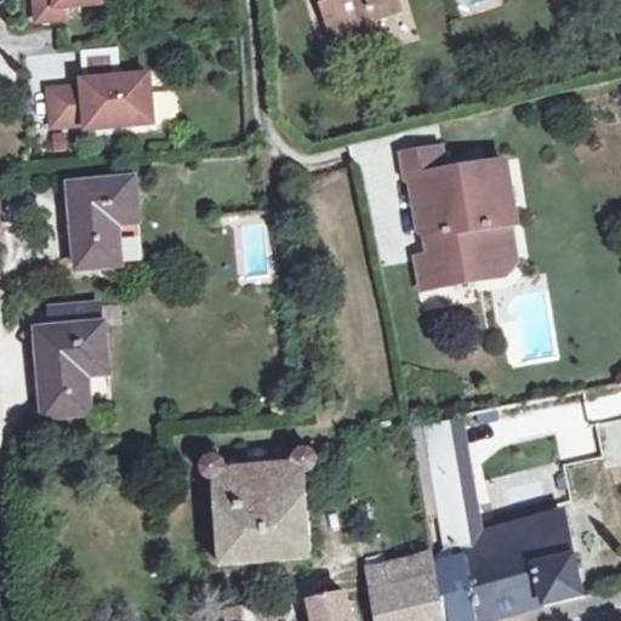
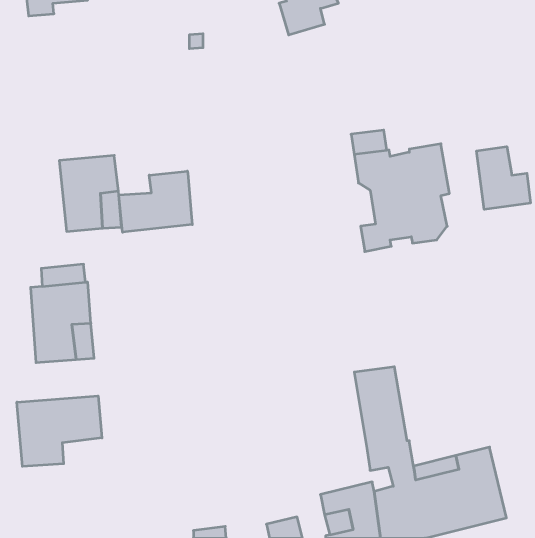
building: [46,72,152,125] -> none
building: none -> [477,147,530,209]
building: none -> [119,171,192,232]
building: [198,448,314,564] -> none
building: none -> [17,396,102,466]

